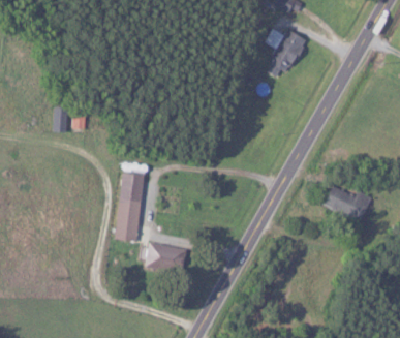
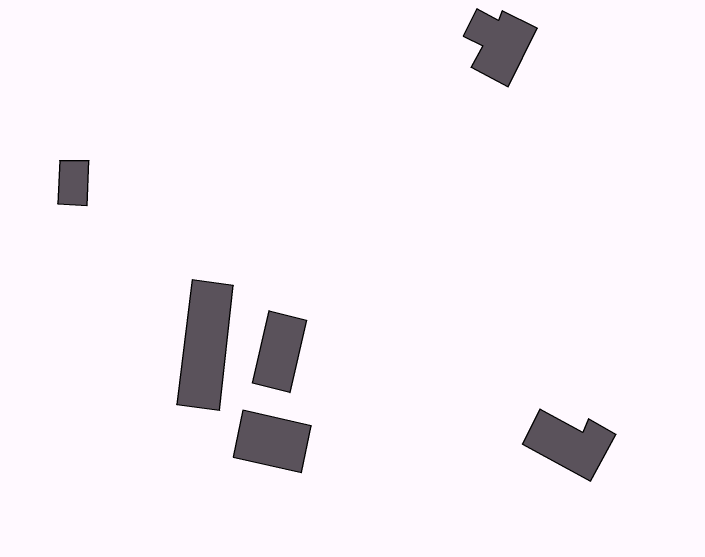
building: [322,184,372,222] -> [522,409,616,481]
building: none -> [253,311,306,393]

